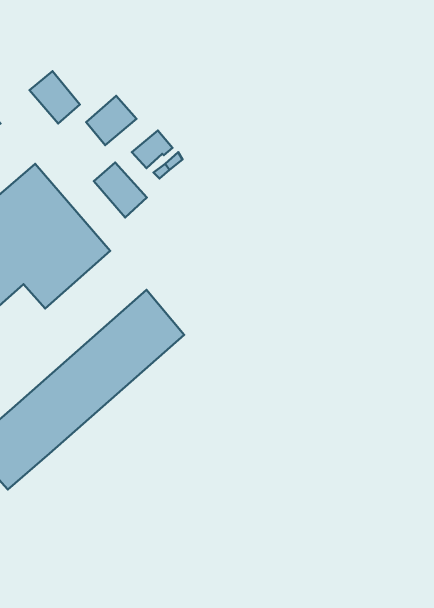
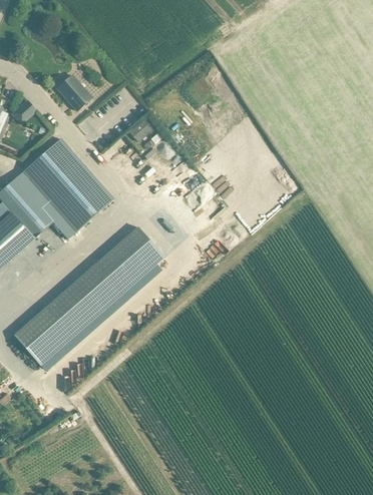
building: [86,96,136,145] -> none
building: [94,163,147,217] -> none

